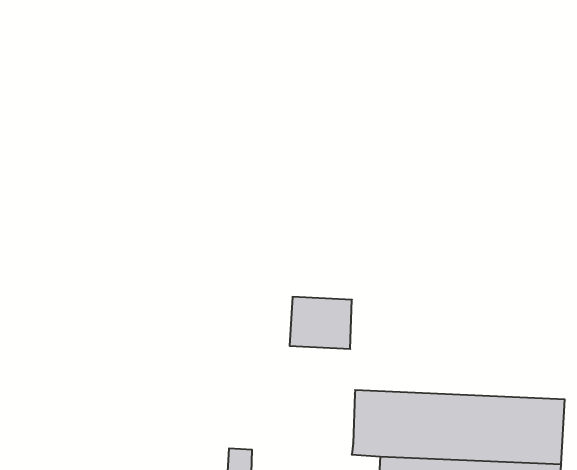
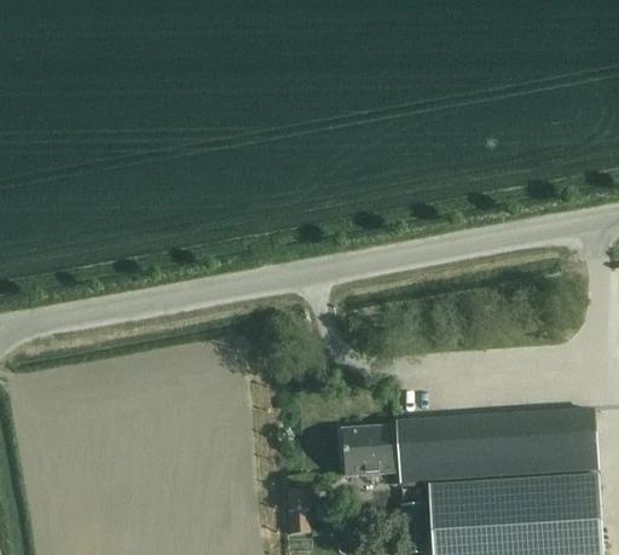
building: [290,297,352,349] -> [342,428,401,478]

